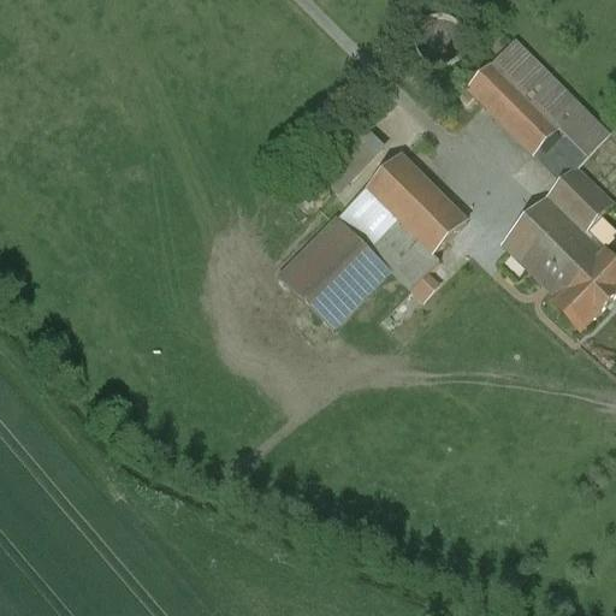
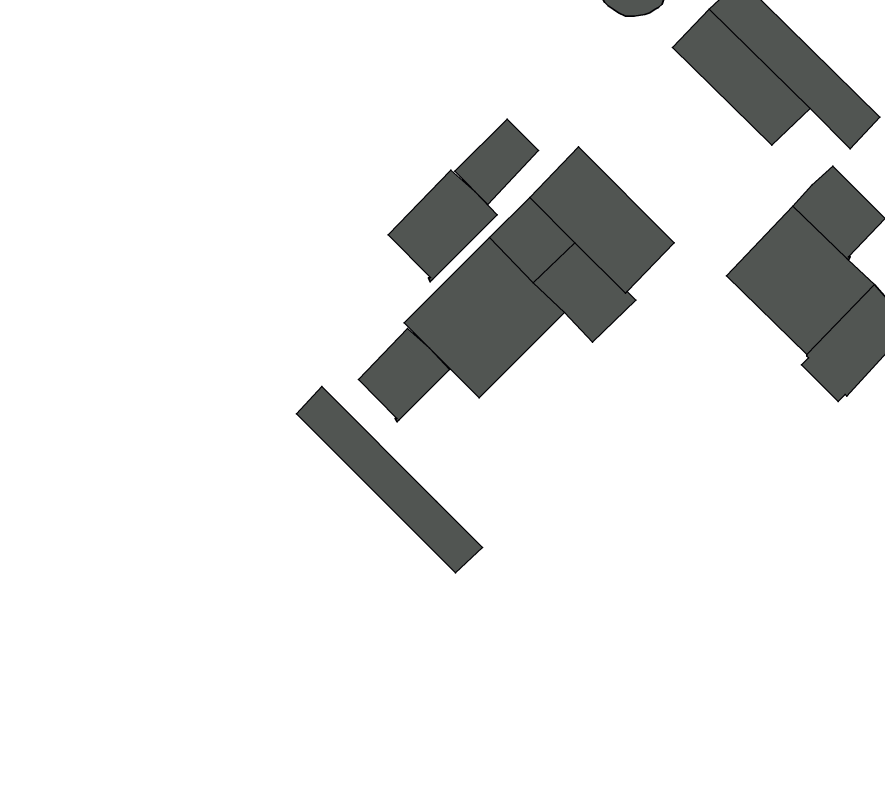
building: [534,126,588,179] -> none
building: none -> [388,170,497,282]
building: none -> [358,329,450,422]
building: none -> [297,386,483,573]

